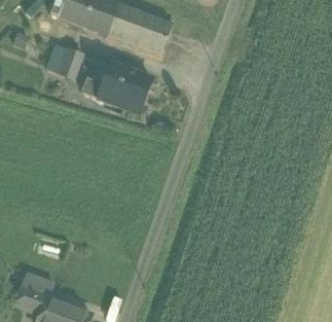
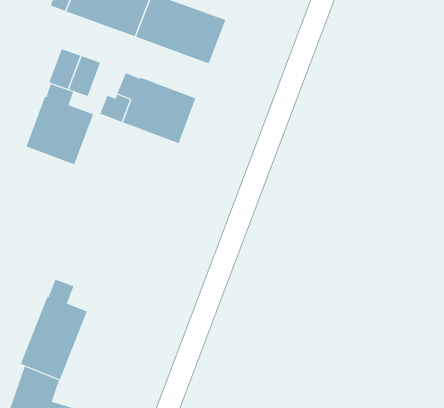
building: none -> [26,83,94,165]
building: none -> [20,279,88,380]

